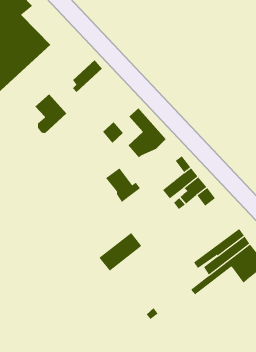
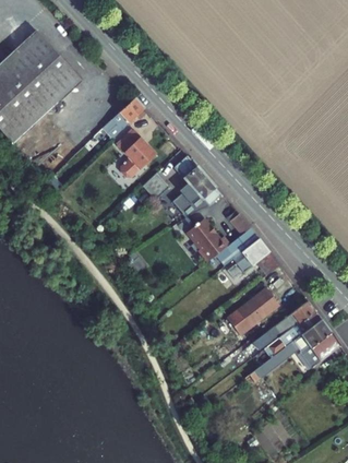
building: [34,94,67,134] -> [116,130,155,178]
building: [105,167,141,203] -> [185,219,228,262]
building: [99,232,142,271] -> [226,288,278,335]

